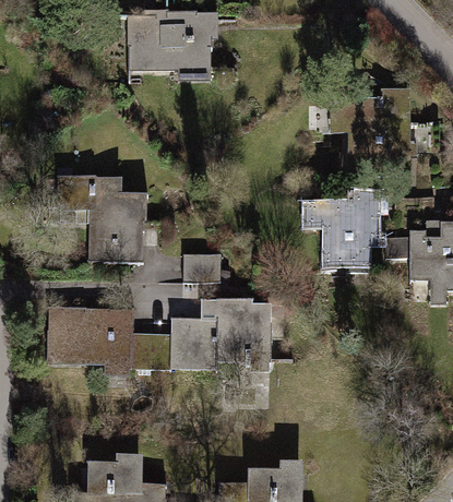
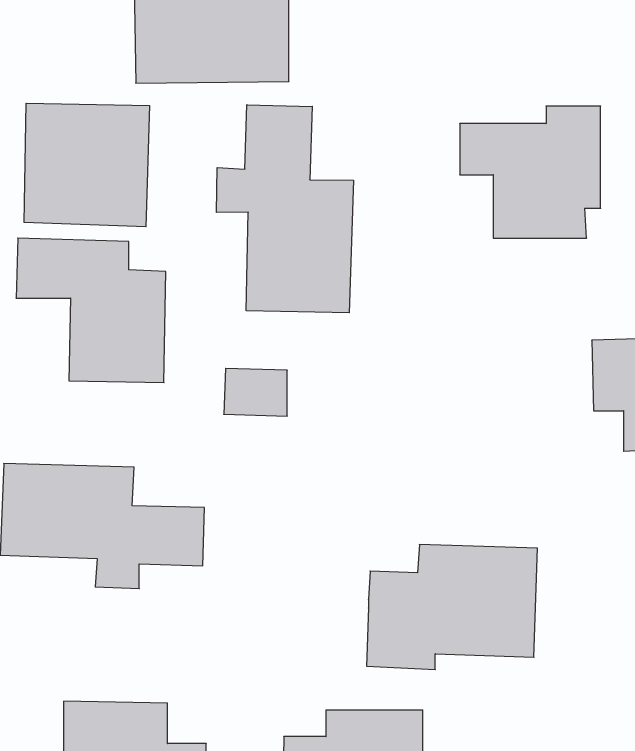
building: none -> [24,103,150,227]
building: none -> [217,105,353,313]
building: [300,188,382,271] -> none
building: [168,298,274,375] -> [367,545,537,670]

